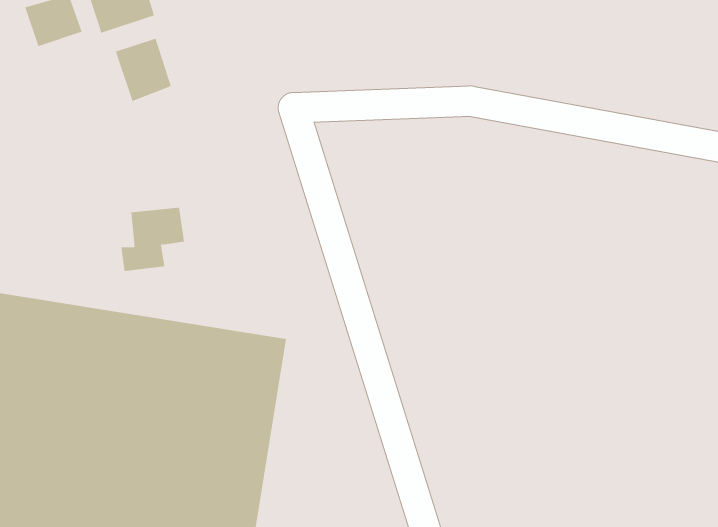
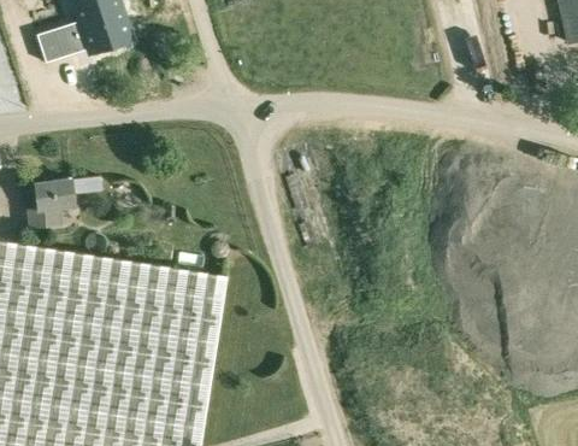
building: [115,38,172,102] -> none
building: [120,207,185,272] -> [28,180,75,227]

